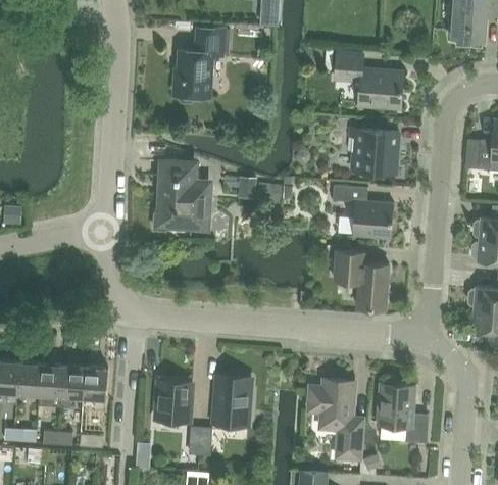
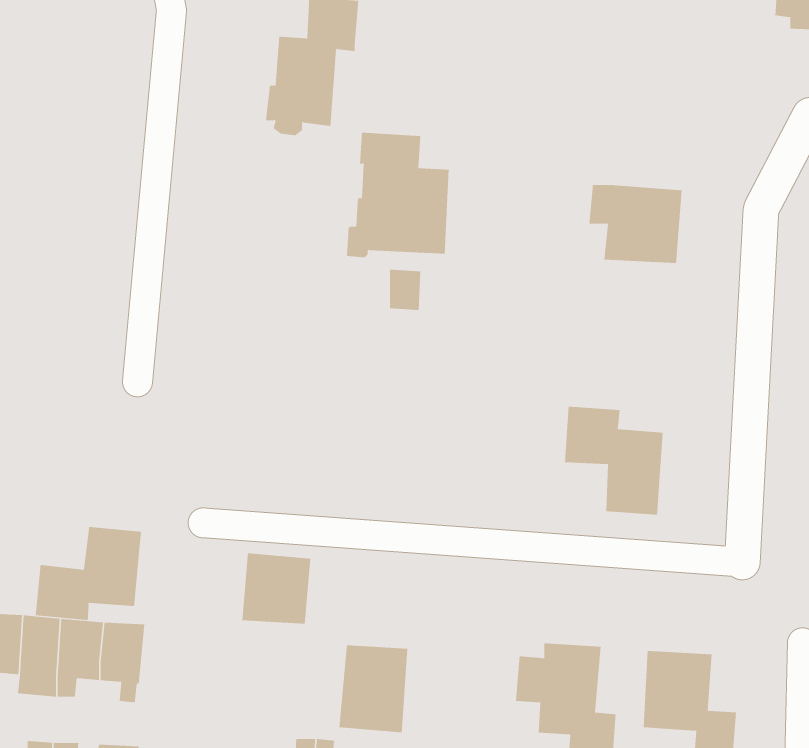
building: [335,53,403,108] -> none
building: [154,161,210,230] -> [346,132,449,258]
building: [333,185,393,237] -> none
building: none -> [35,526,142,621]
building: [154,384,192,423] -> [242,553,311,624]

